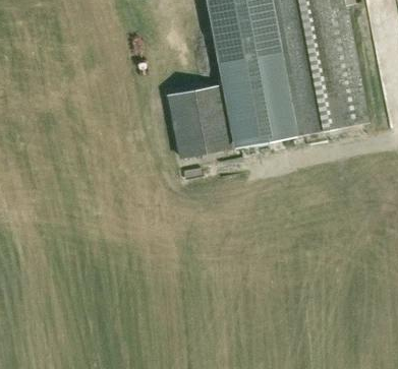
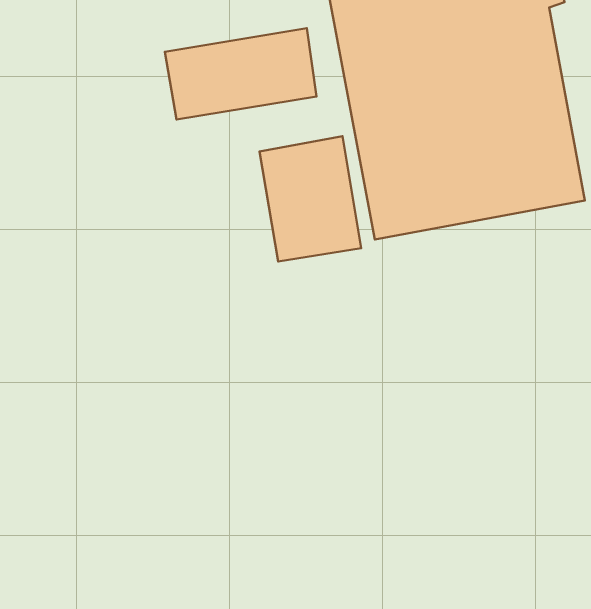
building: none -> [165,28,316,120]

